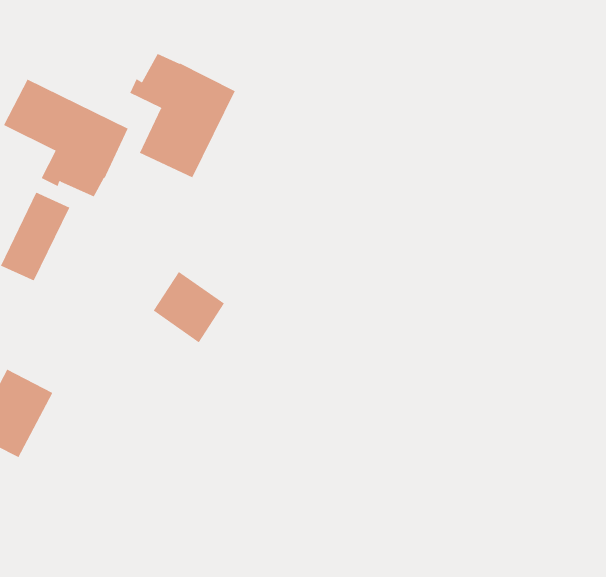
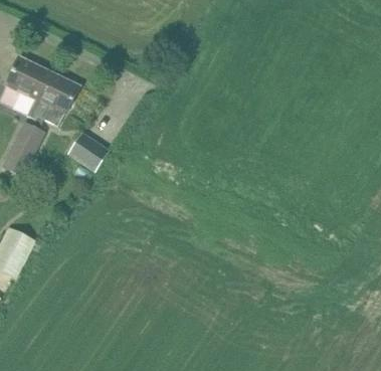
building: [129,53,235,178] -> none
building: [153,271,225,343] -> [67,131,110,173]

